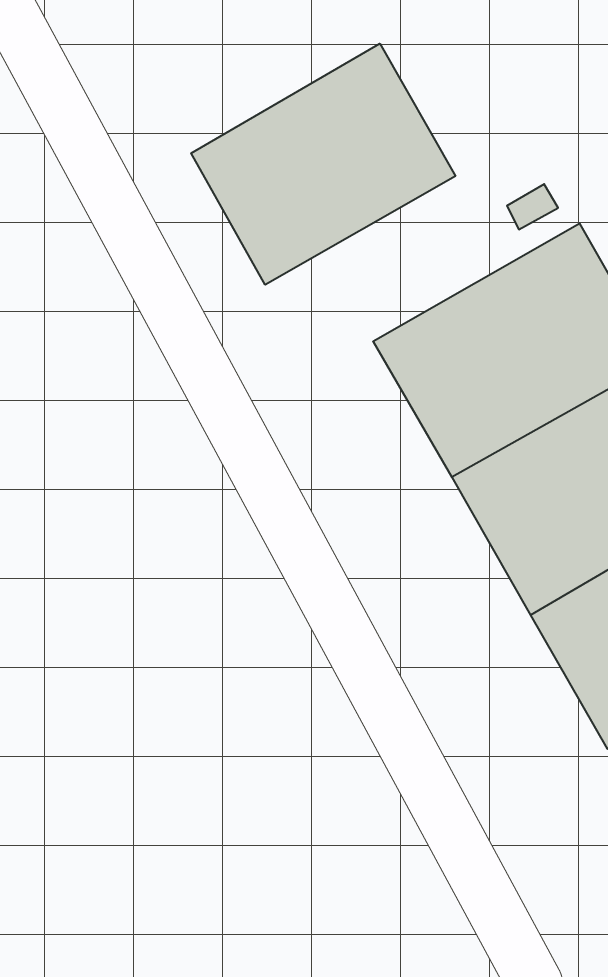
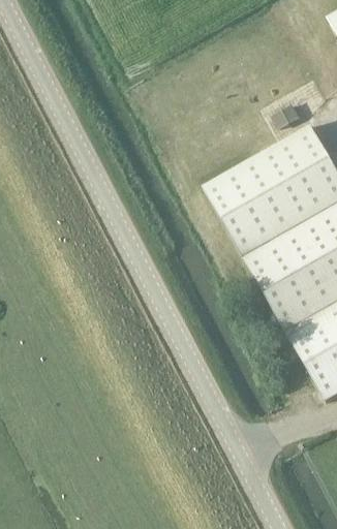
building: [191,44,455,285] -> none

